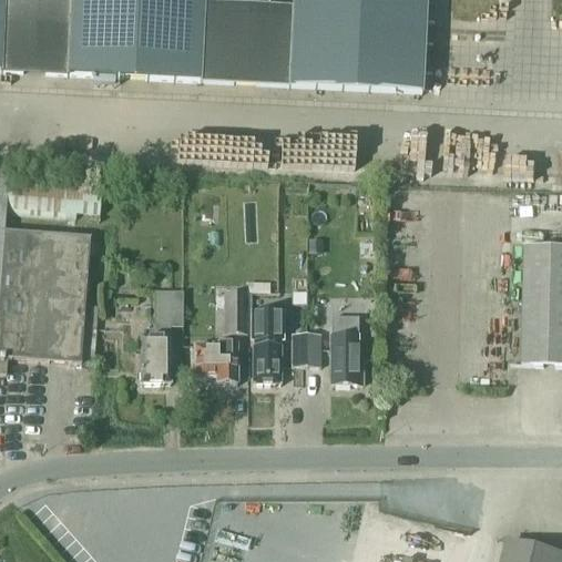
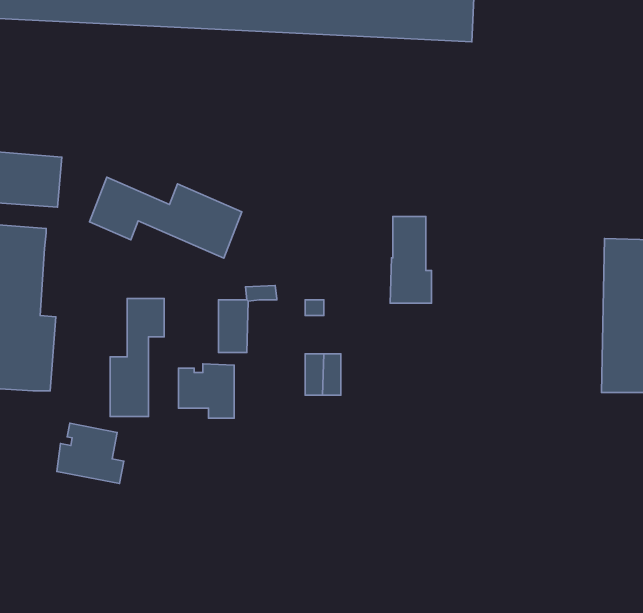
building: none -> [89,177,242,258]
building: [249,307,280,381] -> none
building: [329,314,361,381] -> [390,216,431,303]
building: none -> [57,423,124,484]

